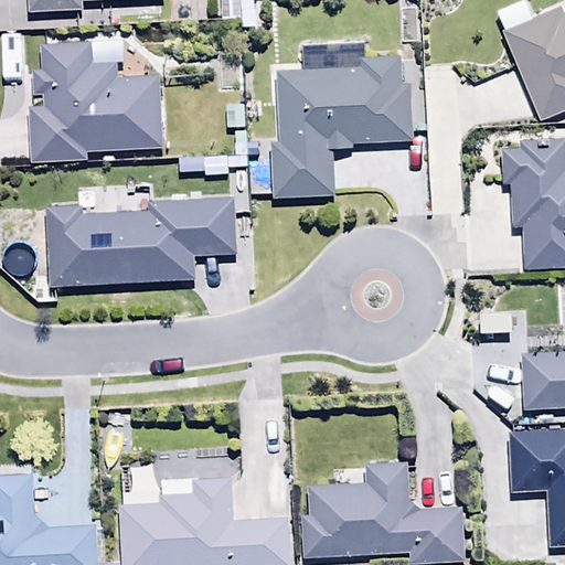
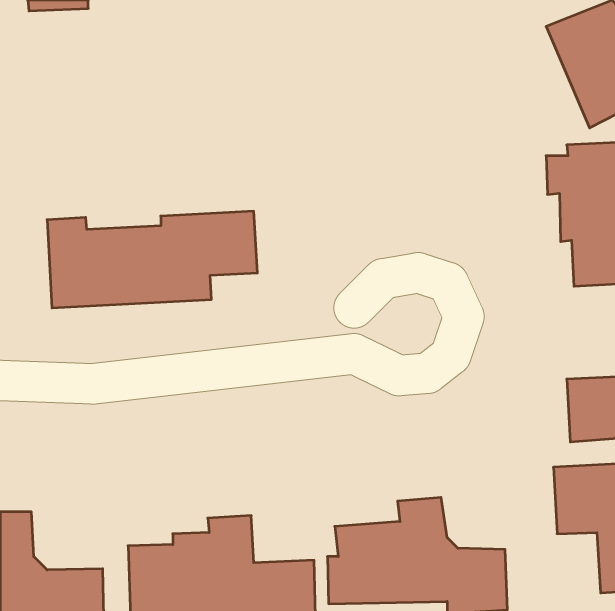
building: [31,41,166,161] -> none
building: [270,58,413,199] -> none

